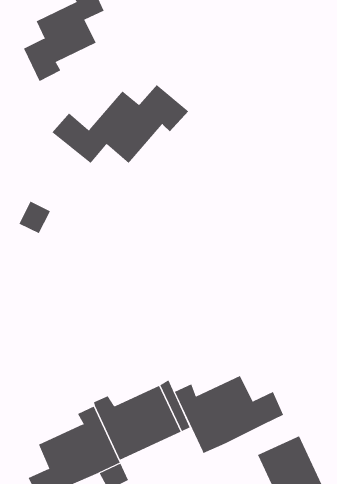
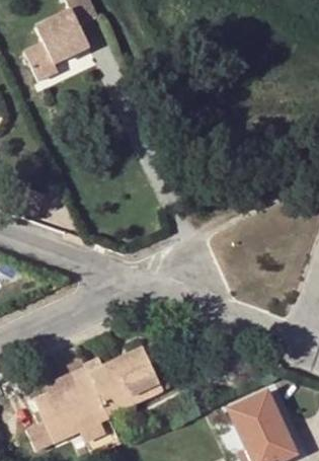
building: [51,84,189,164] -> none
building: [174,375,284,454] -> none

